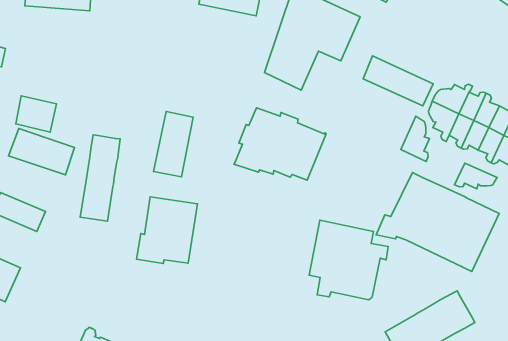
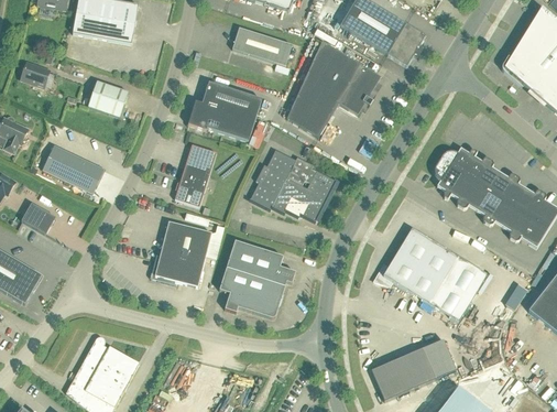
building: none -> [187,82,261,141]
building: [363,56,433,106] -> none
building: [16,96,57,132] -> [88,80,128,117]
building: [401,116,430,161] -> none
building: [80,135,120,221] -> none
building: [455,163,497,189] -> none
building: [309,220,388,300] -> [219,240,295,318]

